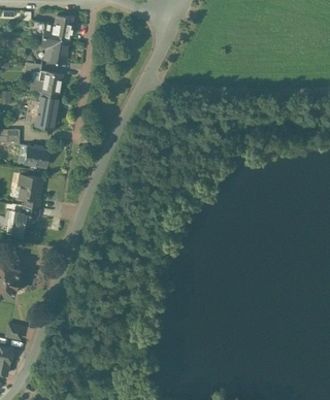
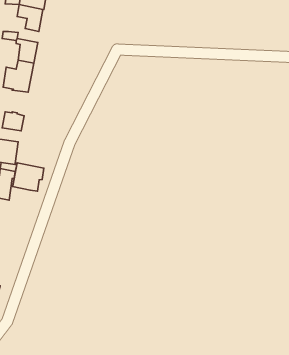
building: none -> [12,163,44,191]

